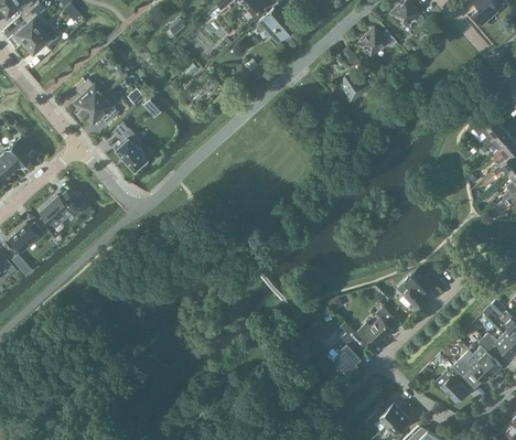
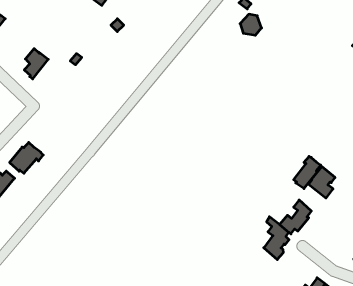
building: [83,94,119,124] -> none
building: [114,121,148,170] -> none
building: none -> [294,156,321,189]

